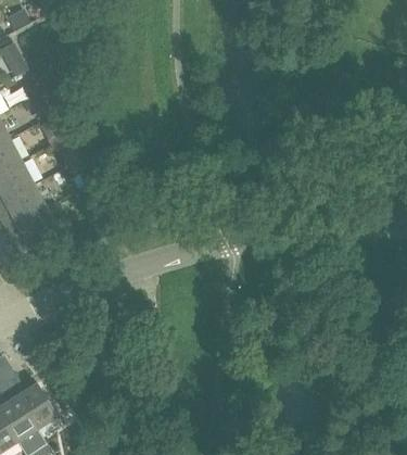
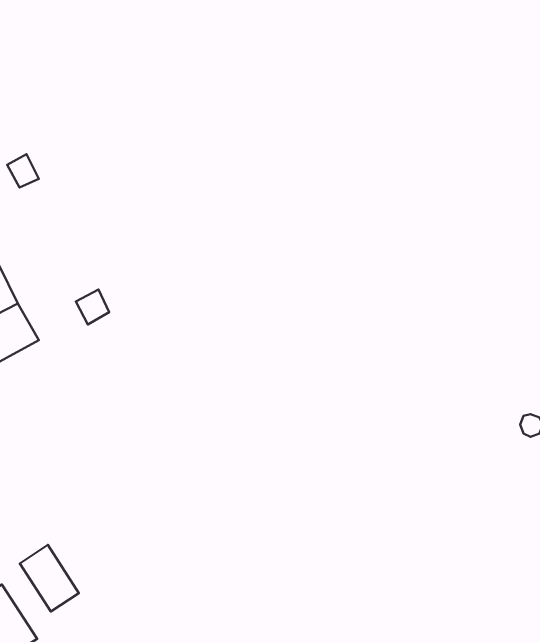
building: none -> [20,545,79,612]

